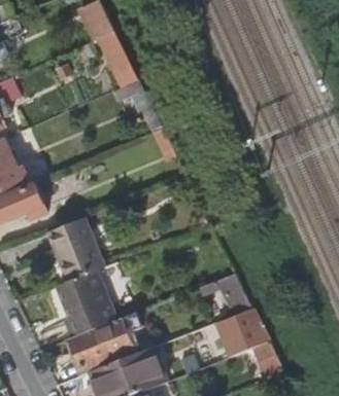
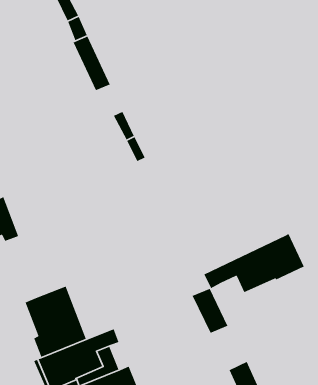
building: [46,217,102,281] -> none
building: none -> [203,233,305,293]
building: [214,308,266,357] -> none

